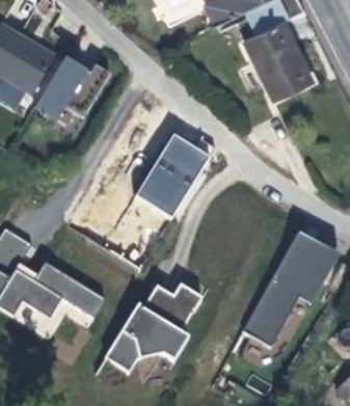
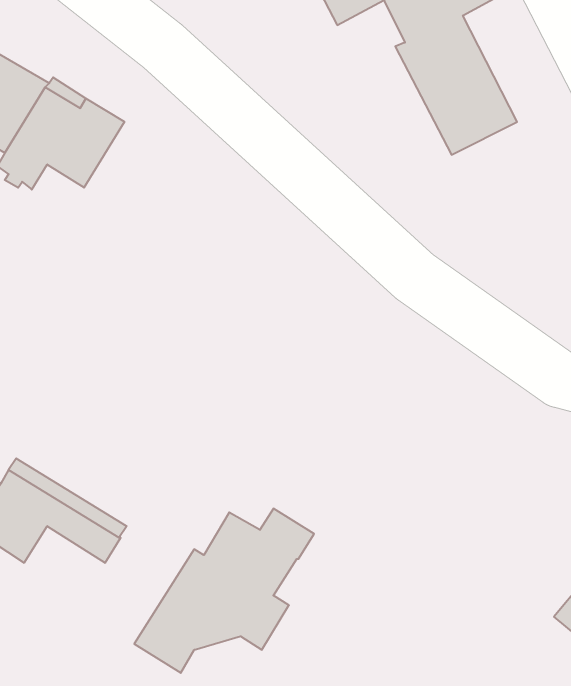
building: [138,134,212,218] -> none
building: [237,239,331,355] -> none

